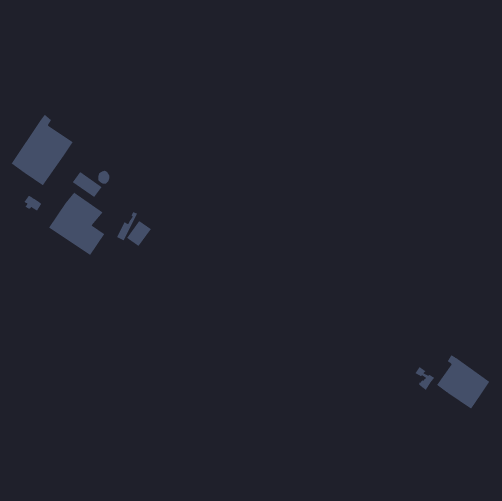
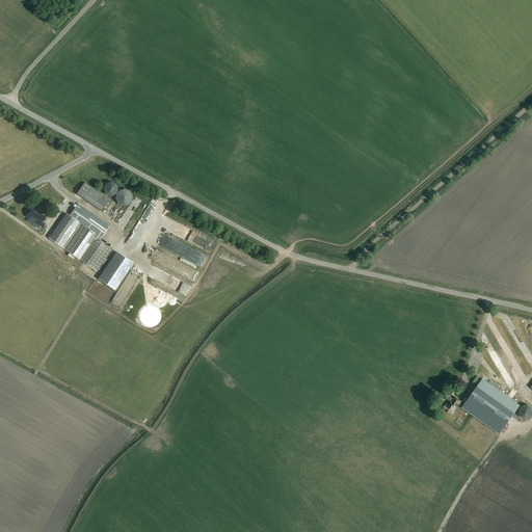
building: [11,114,73,186] -> none
building: [126,220,152,247] -> [100,260,127,288]

